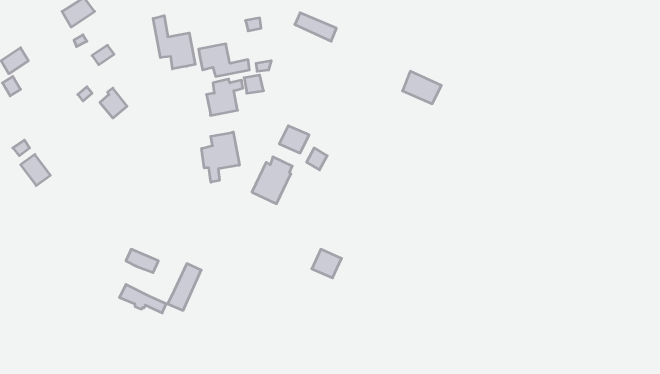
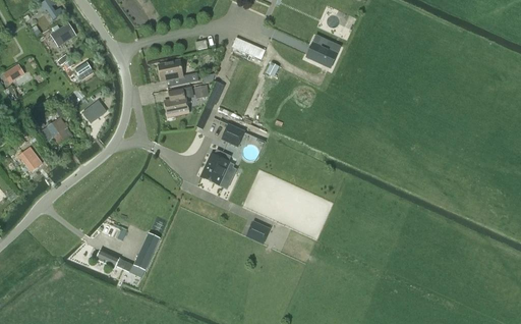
building: [153,16,195,69] -> none
building: [402,71,441,104] -> [306,42,337,67]
building: none -> [42,117,69,145]
building: [202,132,239,182] -> none

